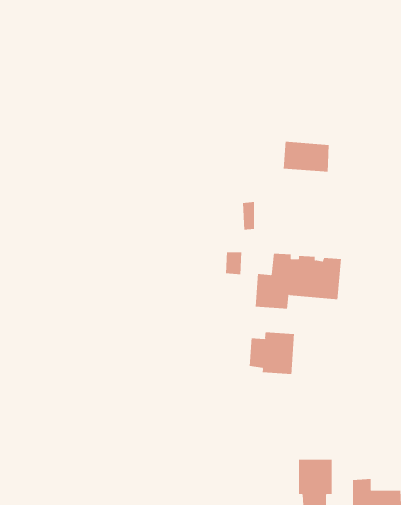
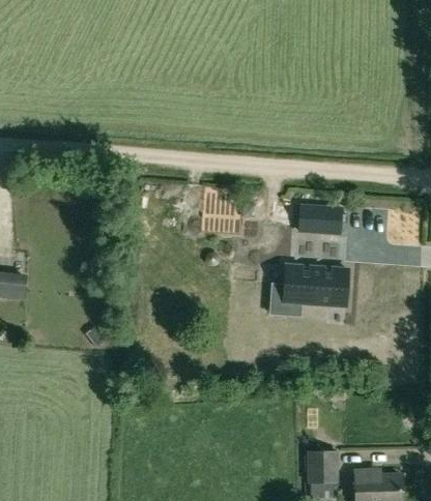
building: [283,141,330,172] -> [309,206,351,234]
building: [249,332,295,375] -> none

